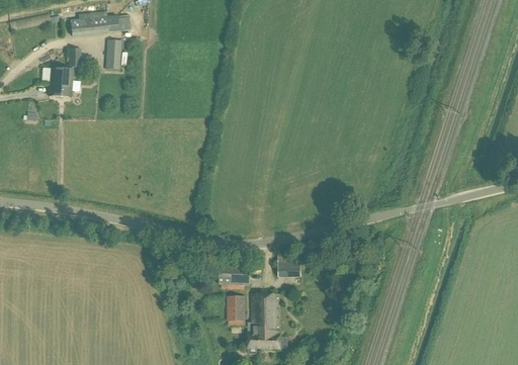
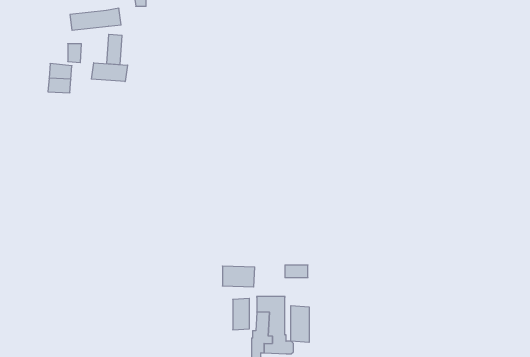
building: none -> [91,63,128,82]
building: none -> [291,306,309,342]

